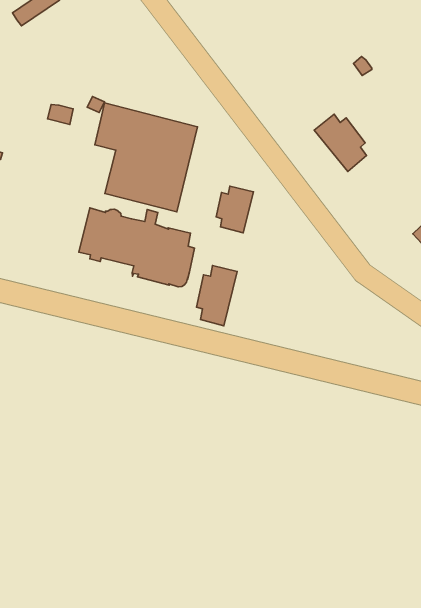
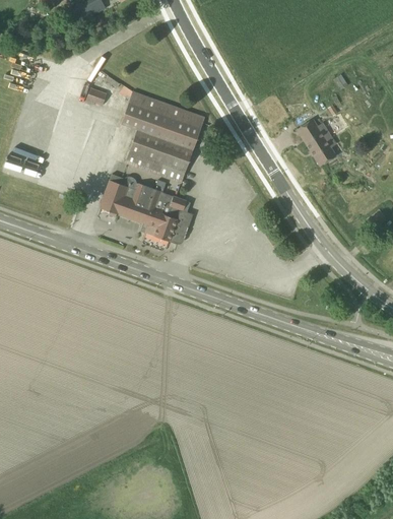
building: [216,186,253,233] -> none
building: [196,266,237,326] -> none

